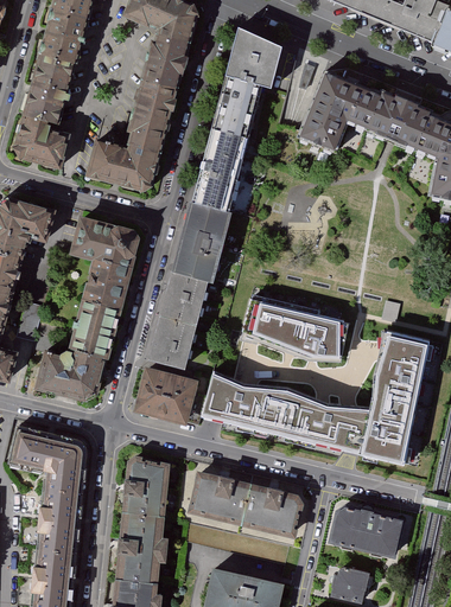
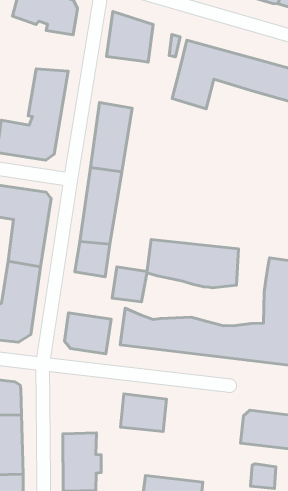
building: [142,41,190,91] -> none
building: [211,79,263,142] -> none
building: [151,324,195,368] -> [112,267,147,302]
building: [125,458,167,512] -> none
building: [241,483,301,532] -> none

